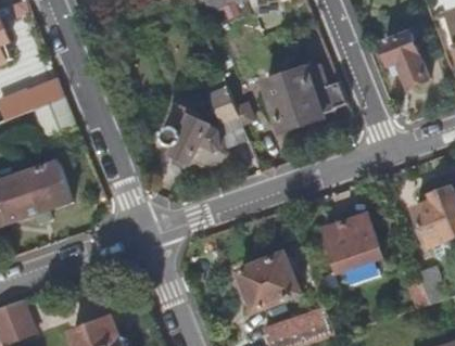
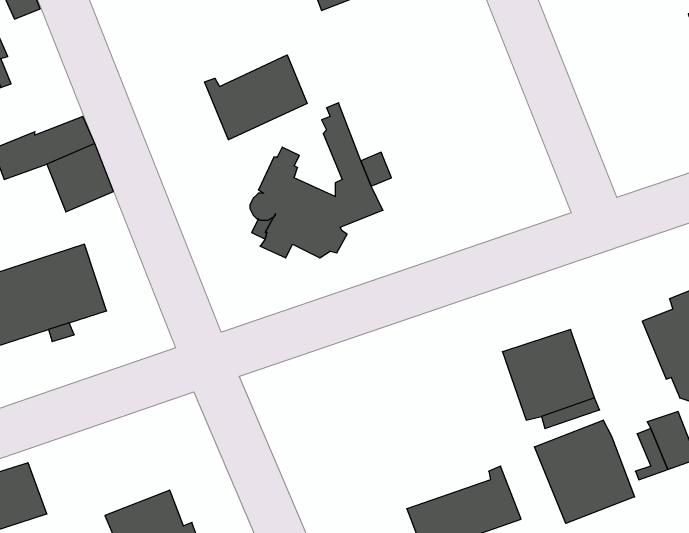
building: [381,31,428,86] -> none
building: none -> [205,55,307,140]
building: [263,64,345,130] -> none
building: [238,253,299,309] -> none
building: none -> [534,420,635,523]

